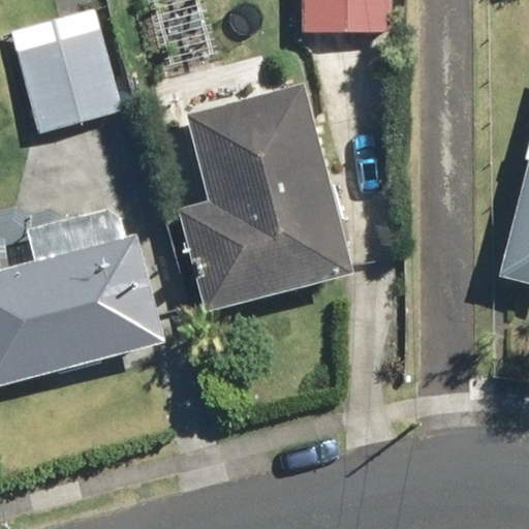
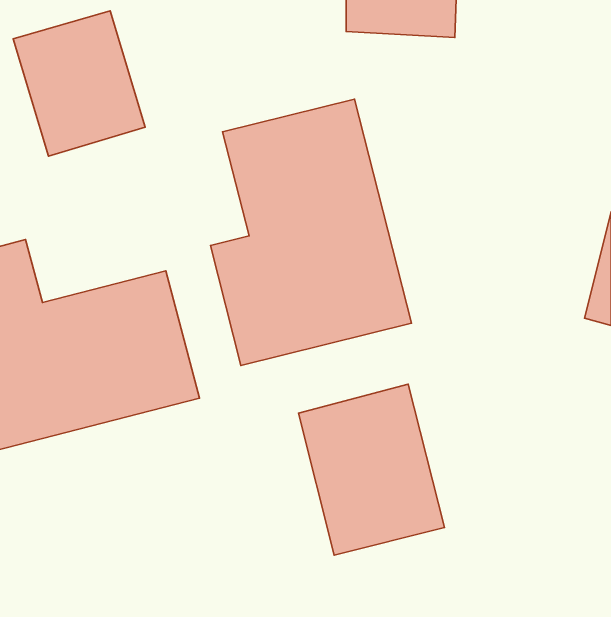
building: none -> [299,384,445,555]

